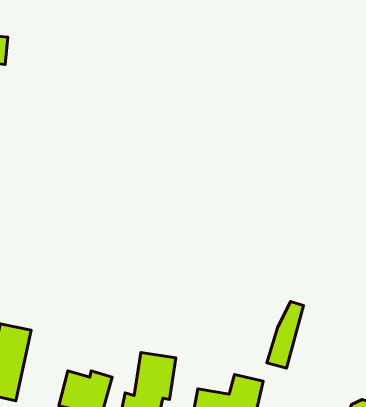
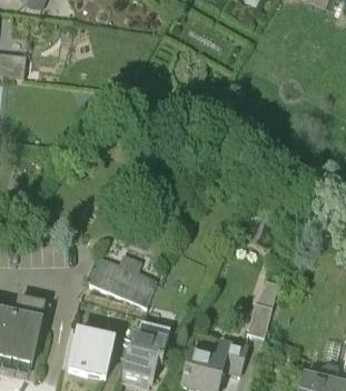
building: none -> [88,251,155,305]

